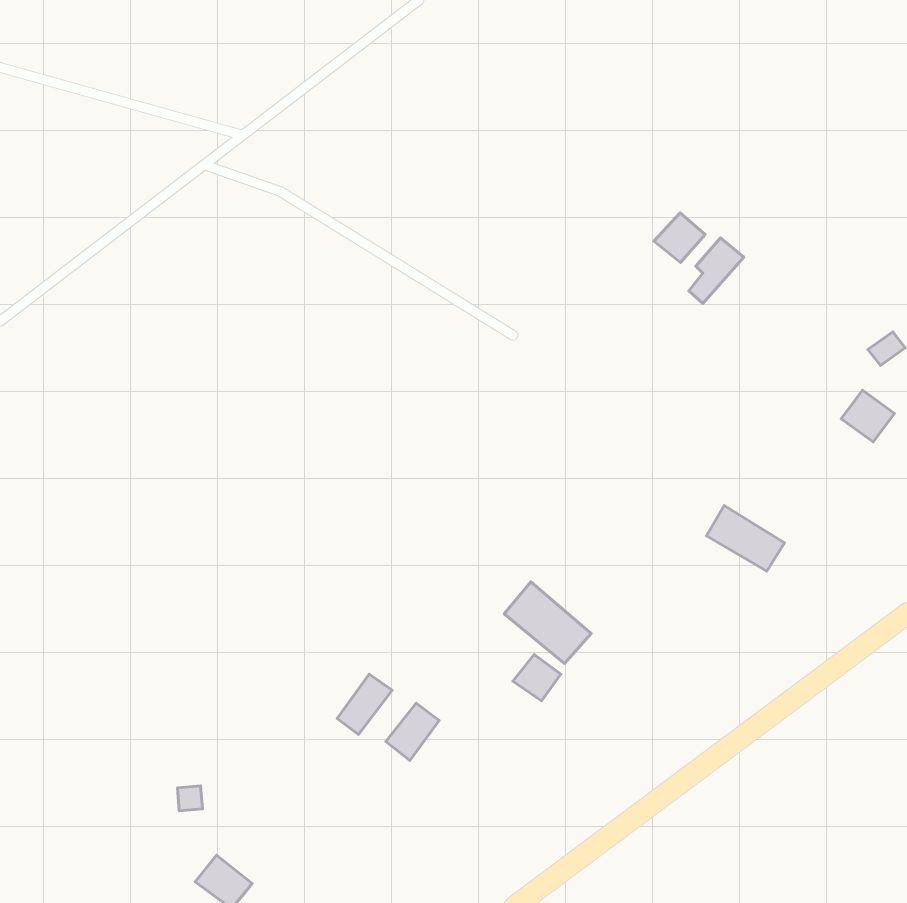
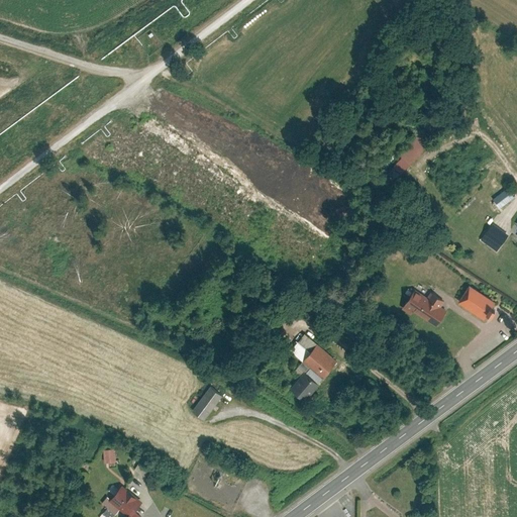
building: [654,213,705,262] -> none
building: none -> [455,286,495,321]
building: [386,703,439,761] -> none

